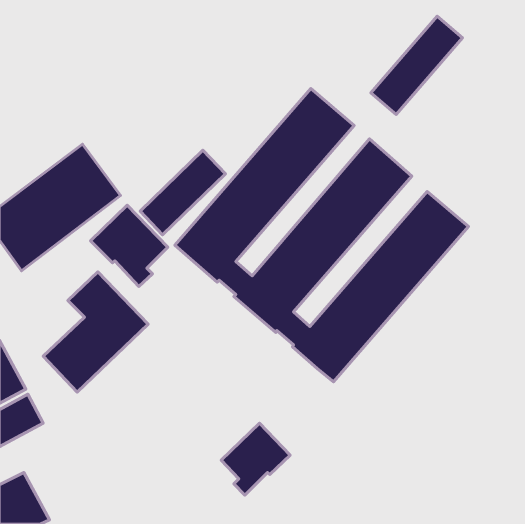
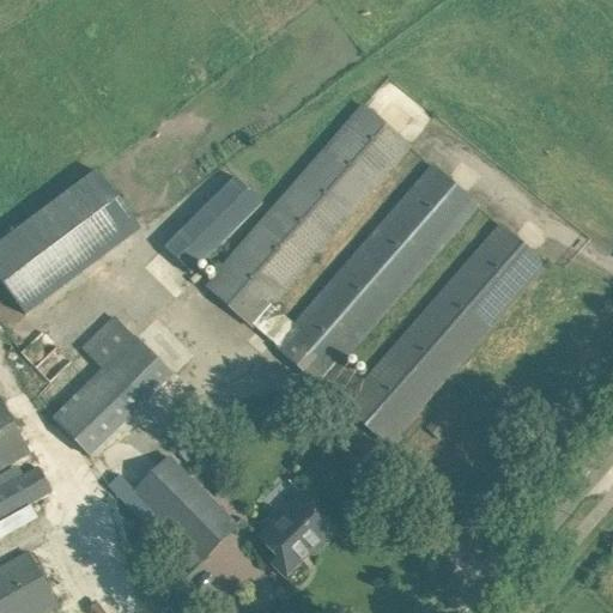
building: [371,16,463,114] -> none
building: [90,205,168,287] -> none
building: none -> [104,455,239,570]

